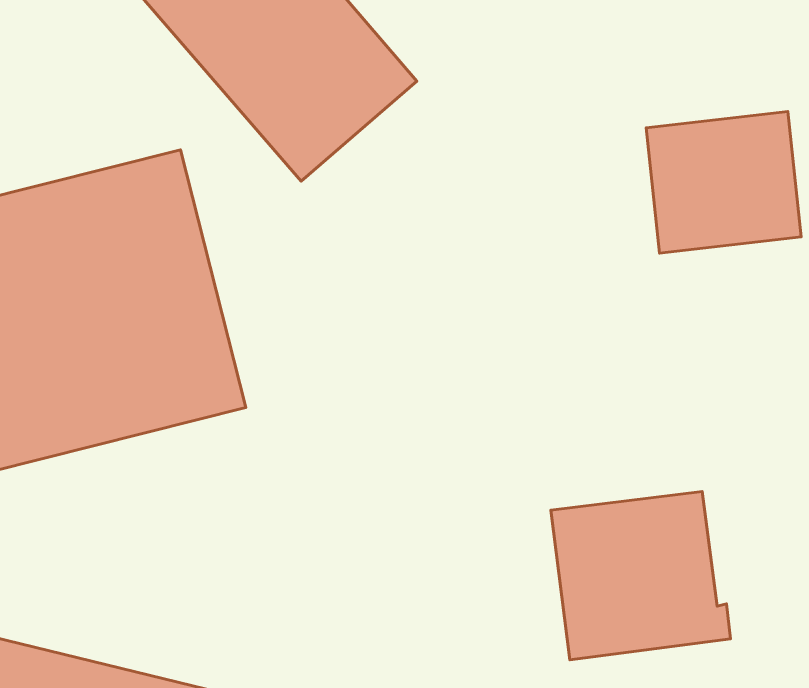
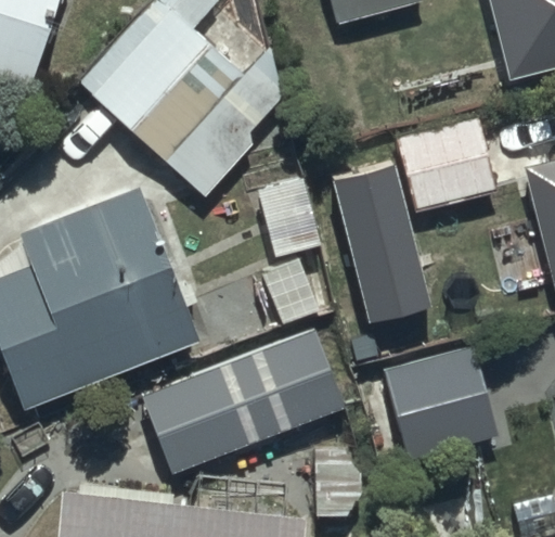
building: none -> [347,162,446,321]
building: none -> [139,334,346,462]

